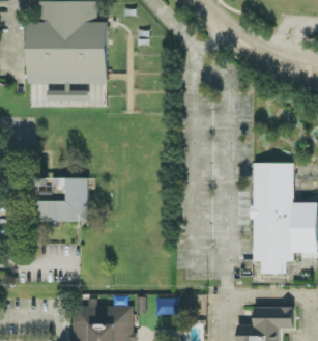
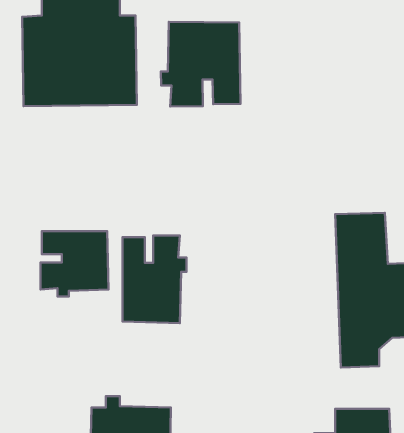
building: none -> [161,22,241,107]
building: none -> [123,235,187,323]

